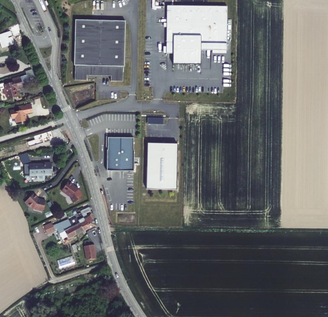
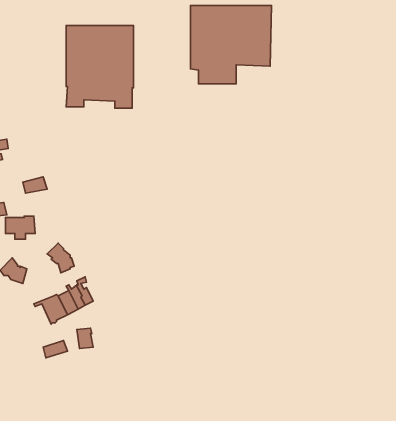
building: [108,136,135,170] -> none
building: [147,142,177,188] -> none

